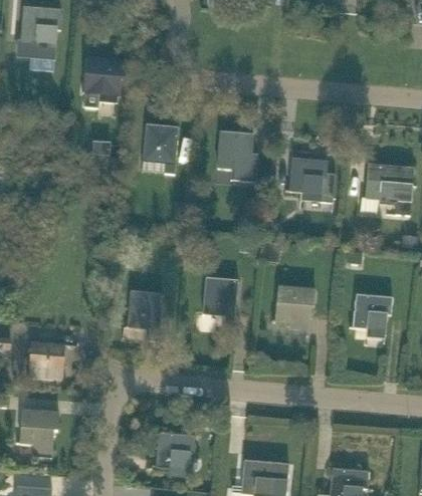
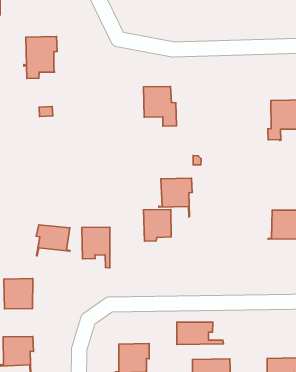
building: [143,123,178,173] -> none
building: [284,157,335,202] -> none
building: none -> [36,225,70,256]
building: [271,286,313,334] -> [159,178,192,217]
building: none -> [177,322,223,344]

